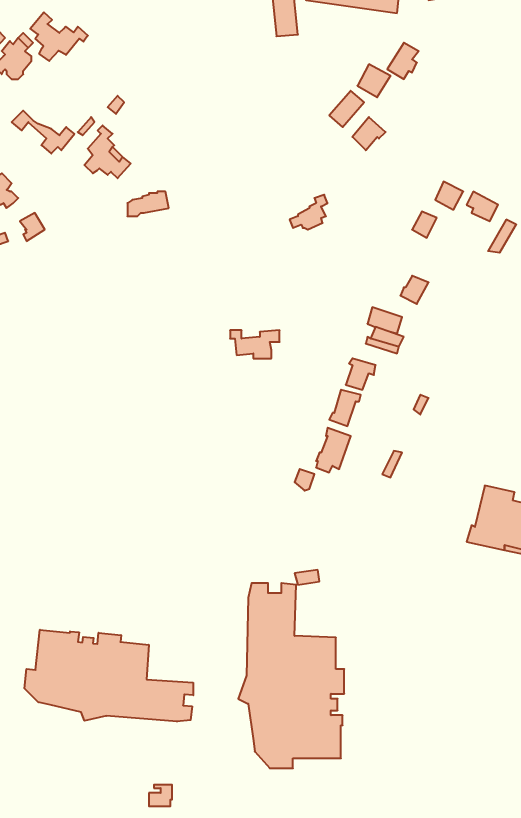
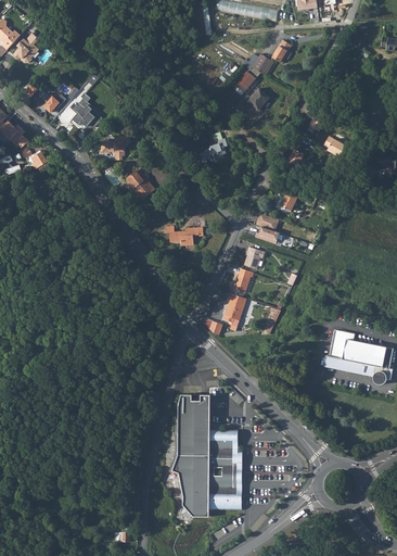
building: [30,12,88,61] -> none
building: none -> [128,174,157,203]
building: [25,630,193,722] -> none

